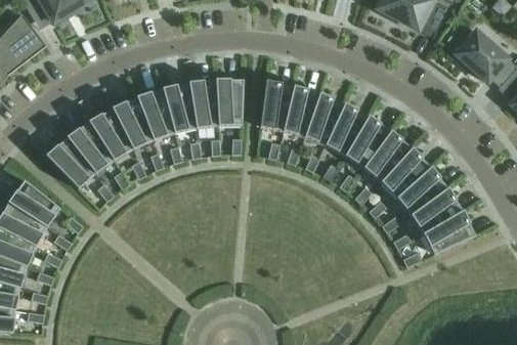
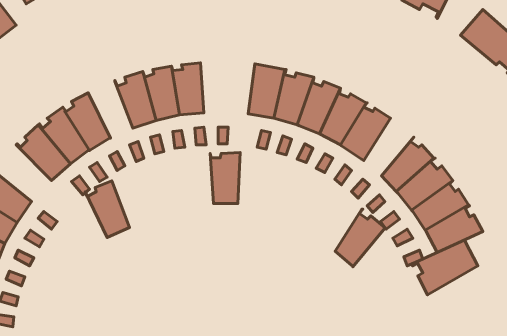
building: [215,78,243,125] -> [210,152,240,203]
building: [112,96,153,148] -> [85,181,130,237]
building: [365,130,412,183] -> [335,209,385,267]
building: none -> [412,240,478,295]

